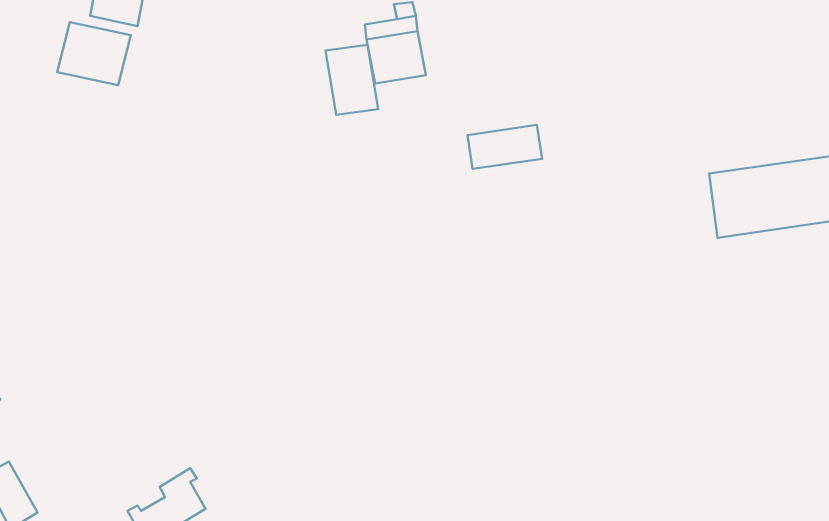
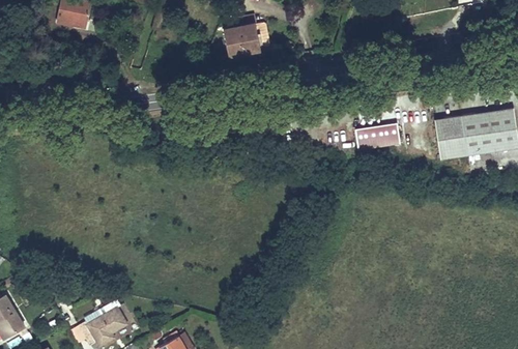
building: [57,22,131,85] -> none
building: [325,45,378,115] -> none
building: [467,125,542,169] -> [354,123,400,150]

